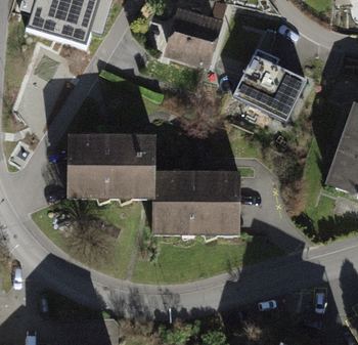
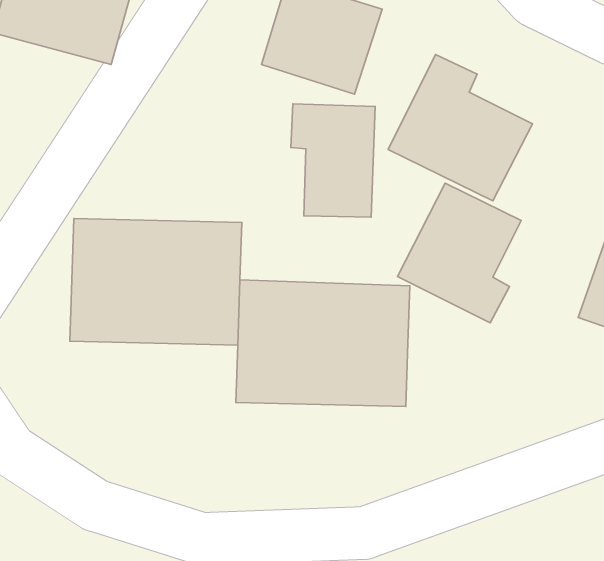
building: none -> [291,104,375,217]
building: none -> [398,183,521,323]

